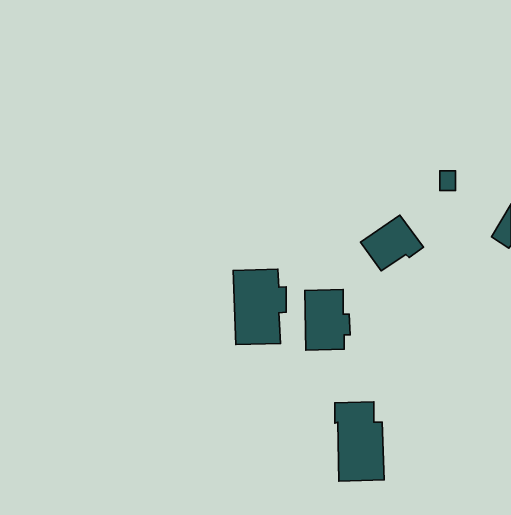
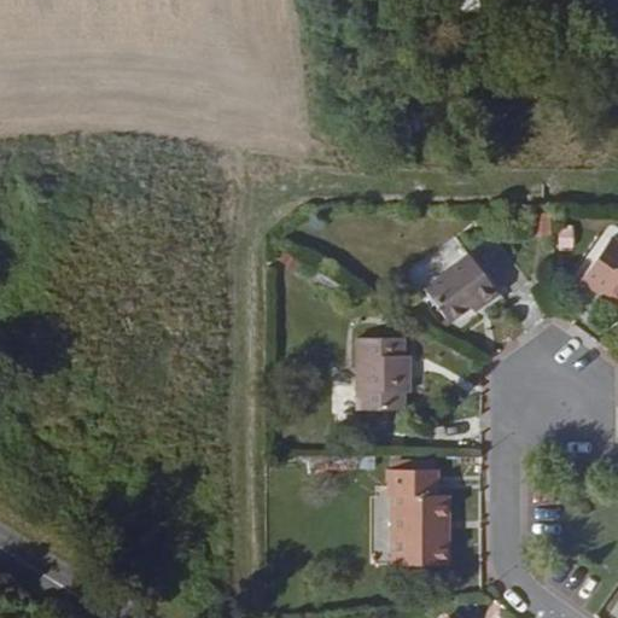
building: [233,269,286,345] -> none

